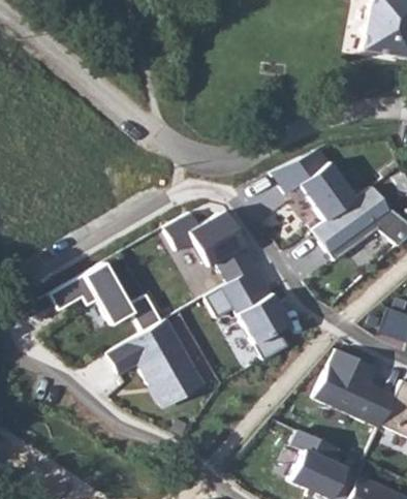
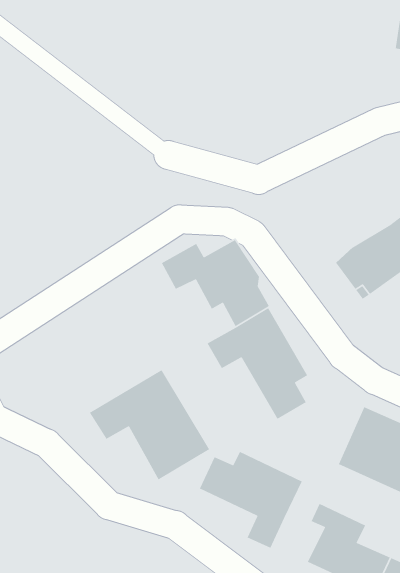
building: [277,150,358,215] -> none
building: [50,261,162,332] -> none
building: none -> [199,451,303,549]

